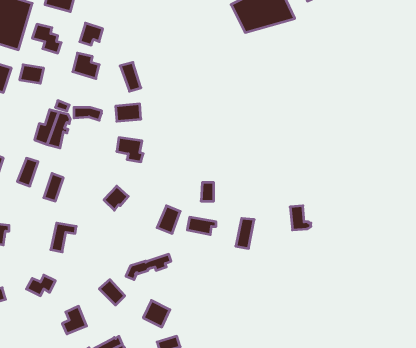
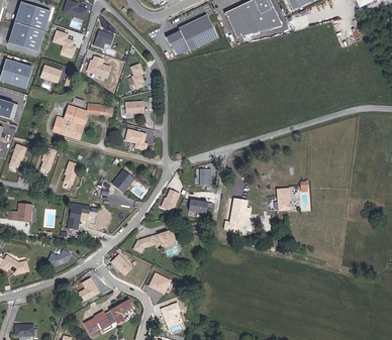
building: none -> [166,16,218,58]

